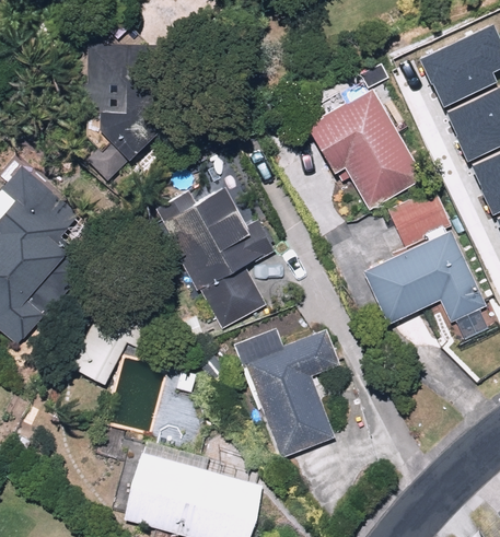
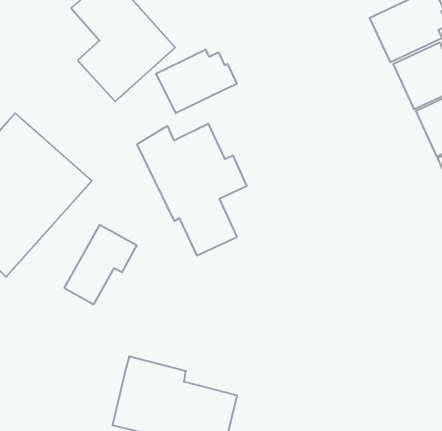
building: [311,84,422,205] -> none
building: none -> [156,49,237,113]
building: [364,189,485,325] -> none
building: [240,328,341,459] -> none

